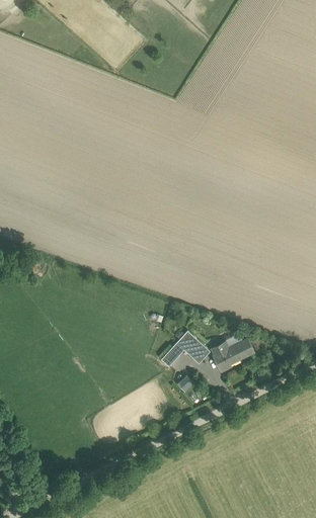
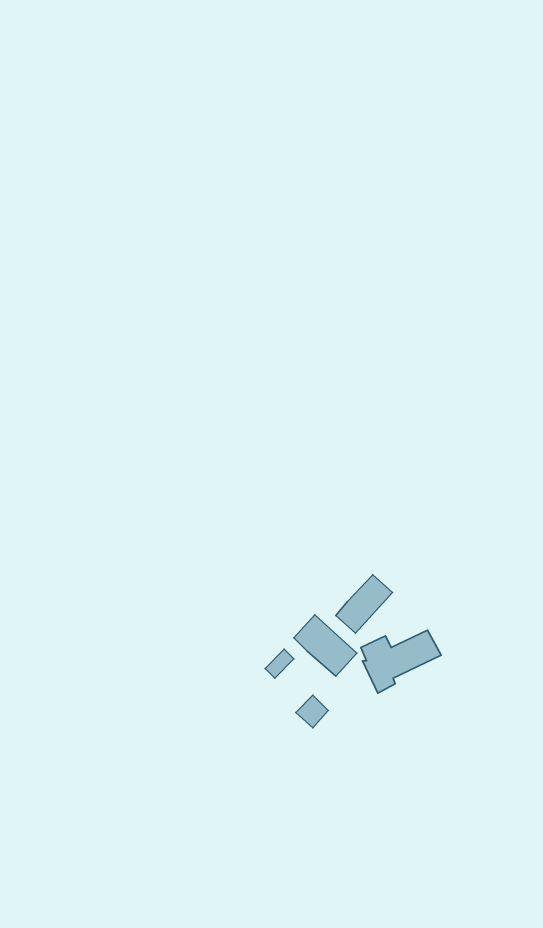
building: none -> [336,575,392,633]

